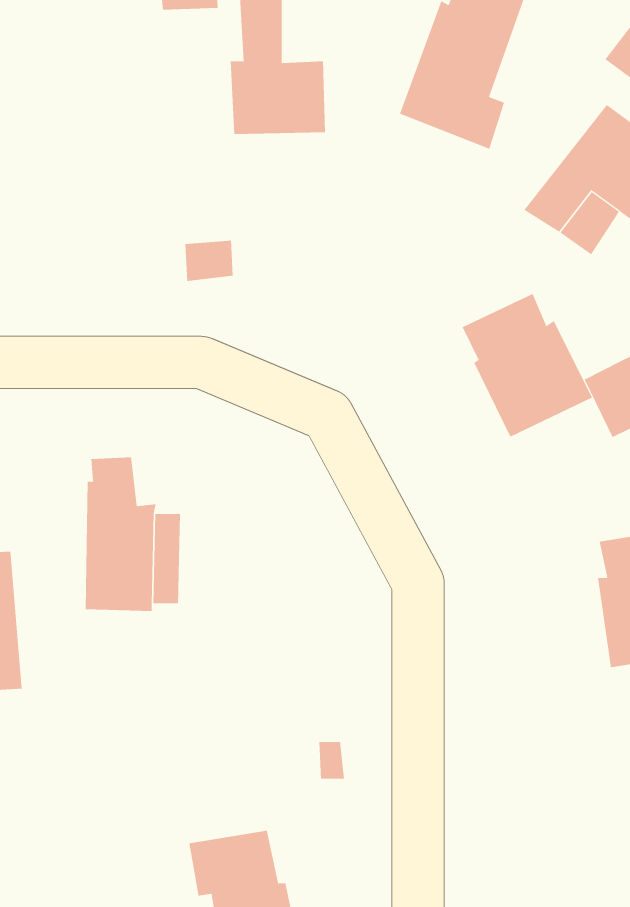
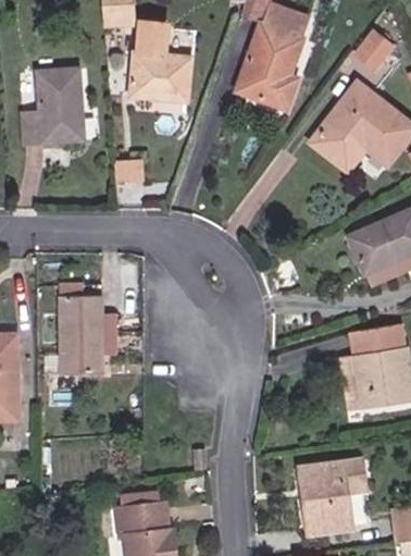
building: none -> [23,77,85,150]
building: [462,293,593,437] -> none
building: none -> [298,457,361,529]

